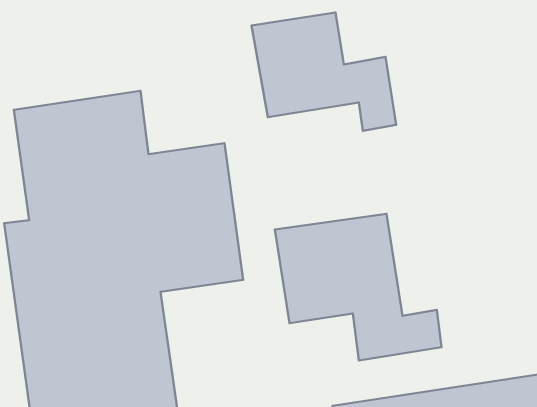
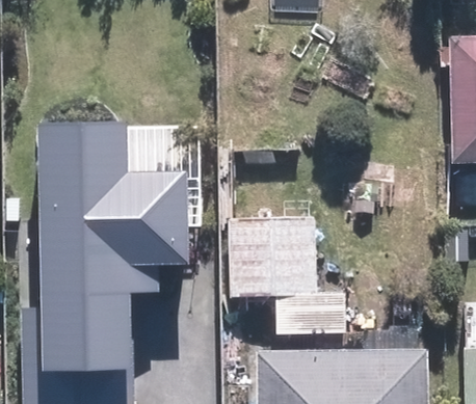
building: [252,12,396,131] -> none

